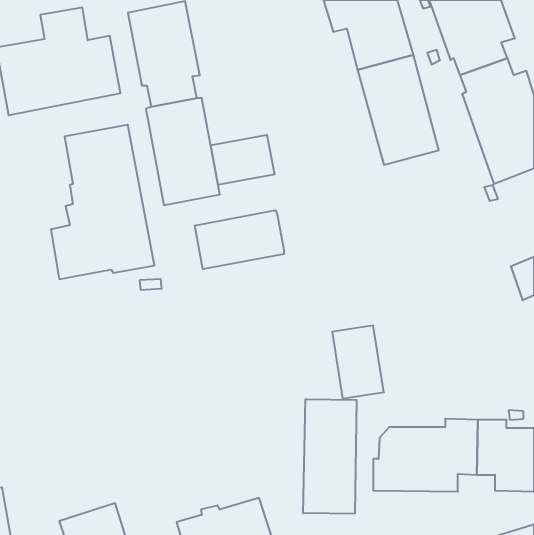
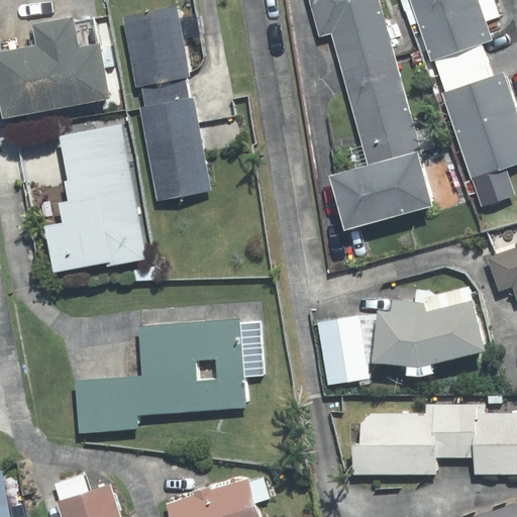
building: [211,135,275,185] -> none
building: none -> [334,146,438,226]
building: [195,210,284,269] -> none
building: none -> [378,296,491,365]
building: none -> [76,320,245,432]
building: [303,399,356,514] -> none

